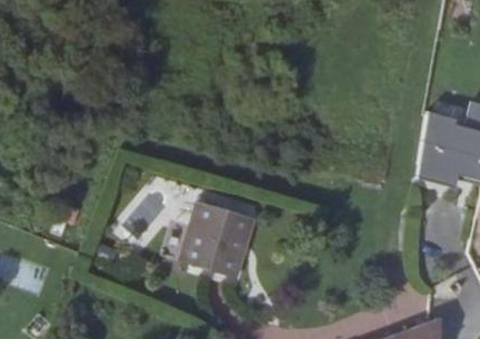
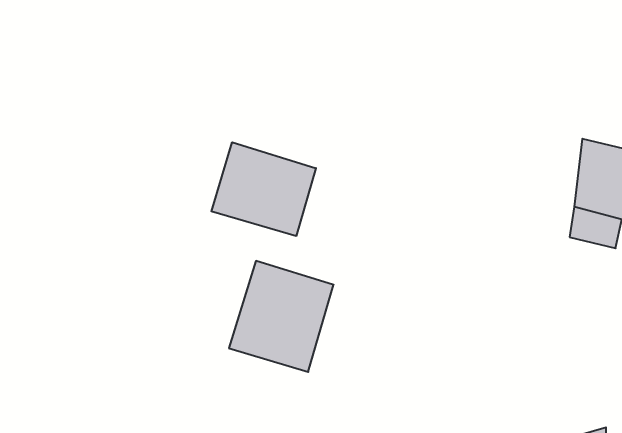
building: none -> [211,142,316,236]

